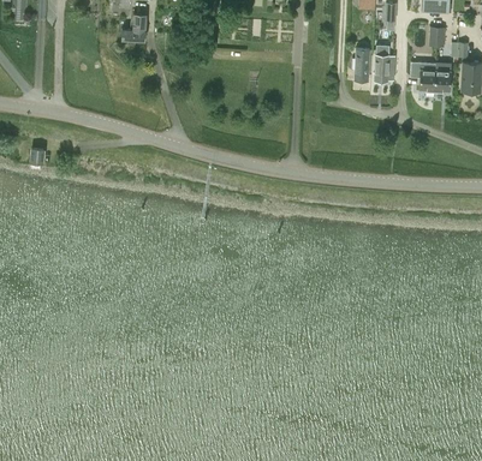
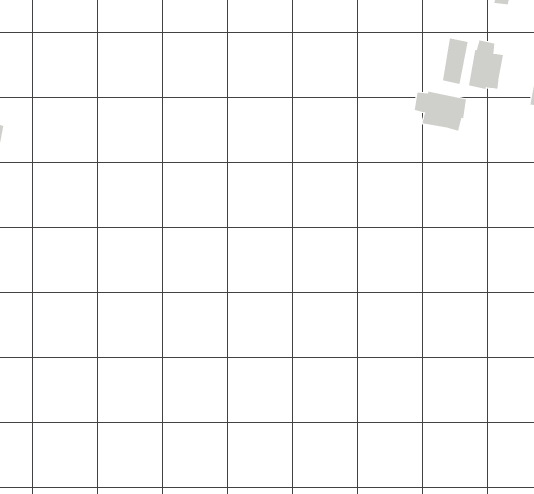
building: none -> [414,91,467,131]

